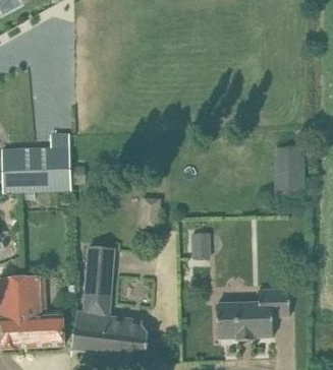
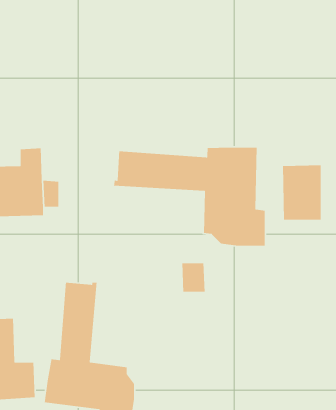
building: none -> [113,147,266,247]
building: [216,289,289,340] -> none

